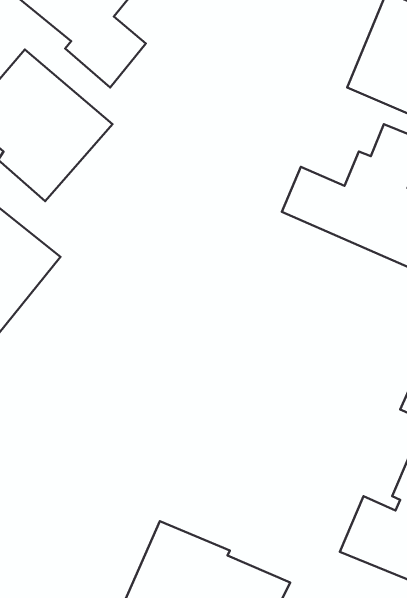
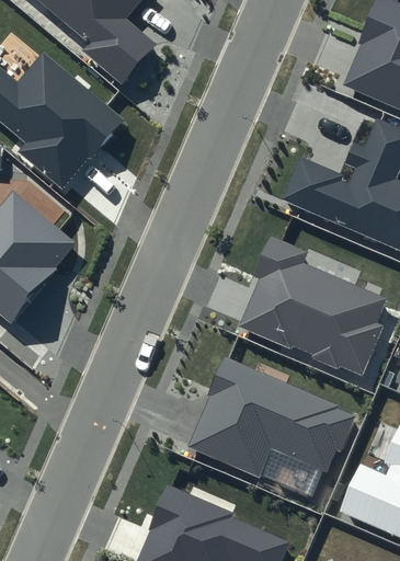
building: none -> [239,236,386,380]
building: none -> [188,358,355,478]

